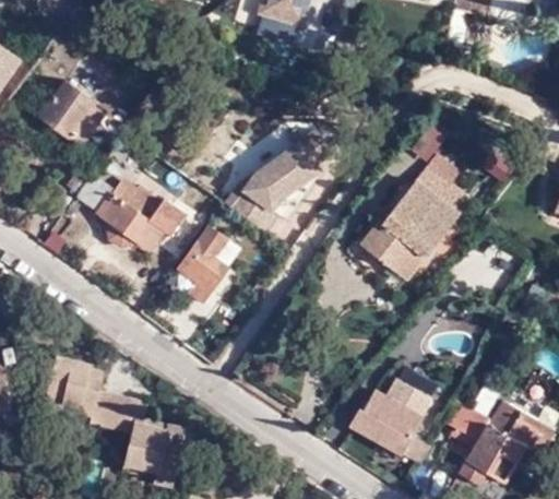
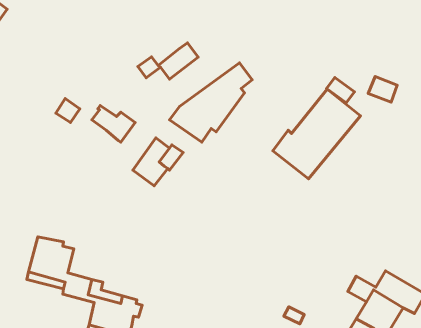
building: [39,79,106,144] -> none
building: none -> [138,43,198,79]
building: [97,181,159,248] -> none
building: [350,367,432,462] -> none

